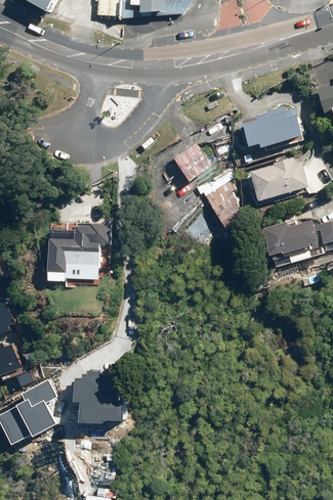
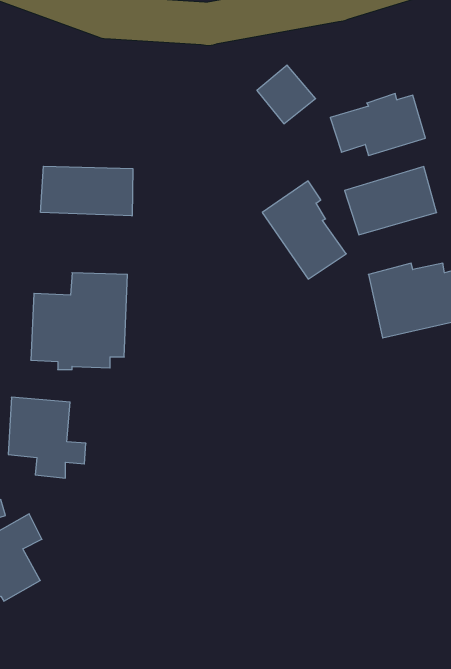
building: [174,143,212,181] -> [257,65,316,124]
building: none -> [41,166,133,216]
building: [79,370,129,422] -> [8,397,86,478]

